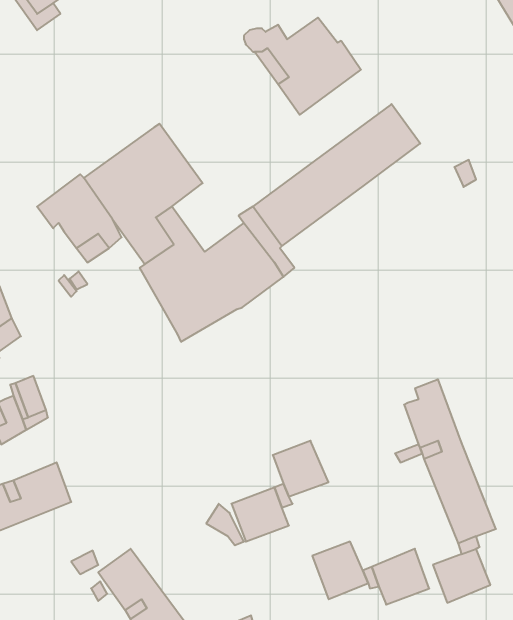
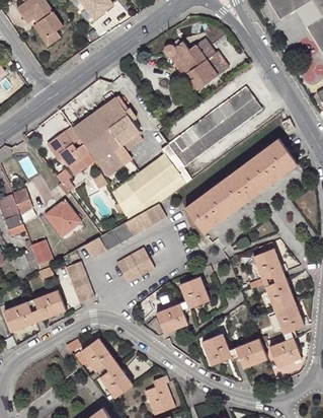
building: none -> [184,139,298,234]
building: none -> [45,200,81,237]
building: none -> [85,203,167,259]
building: none -> [117,250,155,284]
building: none -> [65,260,96,303]

